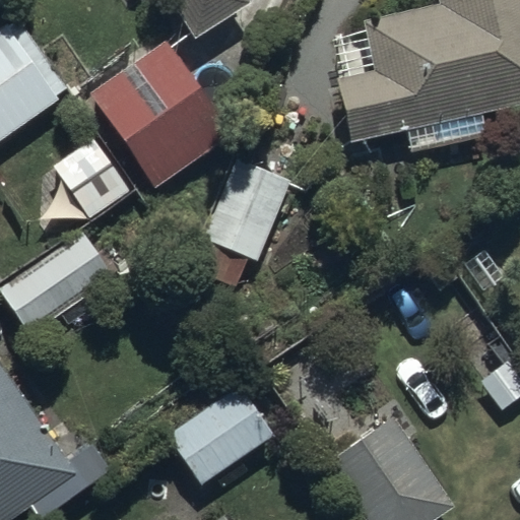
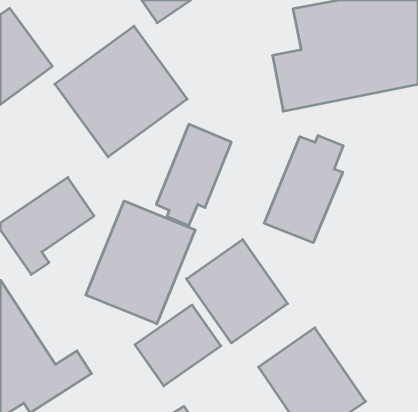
building: none -> [264,135,343,243]
building: none -> [86,201,195,324]
building: none -> [186,239,288,343]

